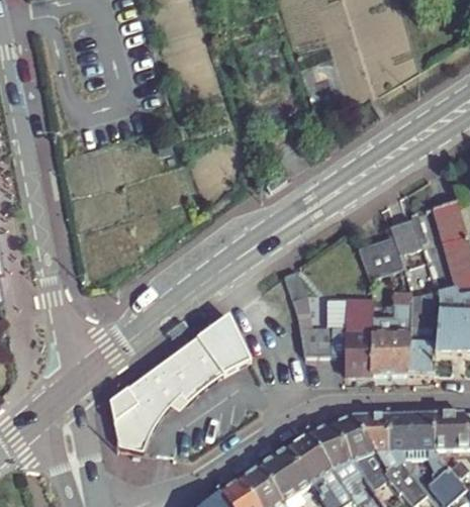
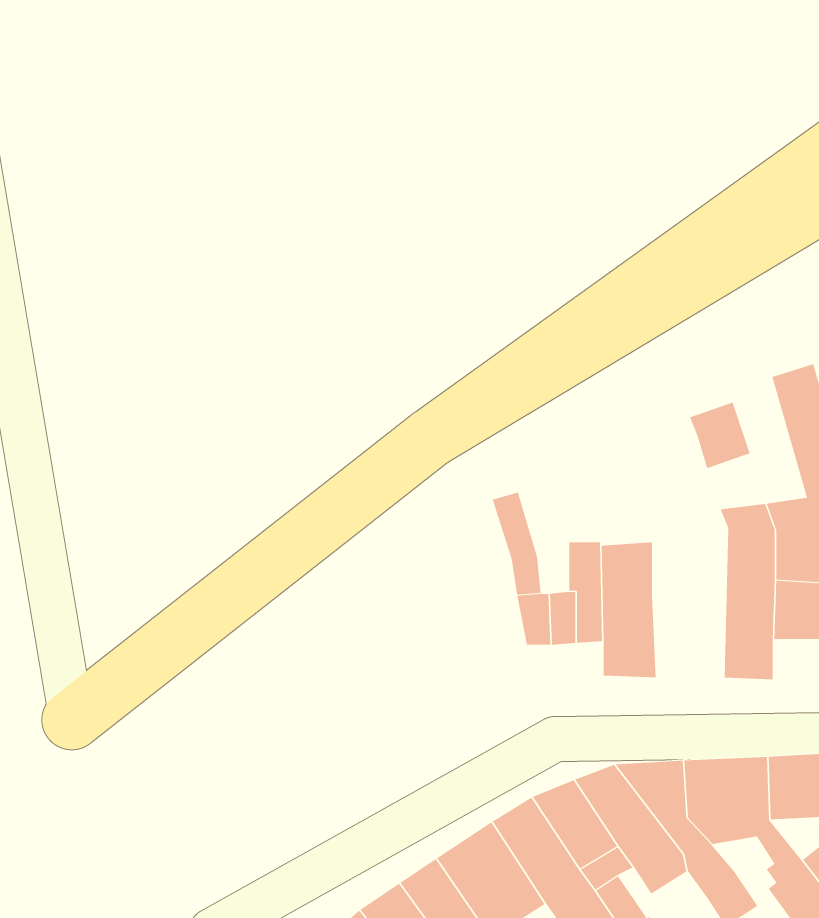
building: [359,243,403,284] -> none
building: [371,292,410,371] -> none
building: [111,318,252,454] -> none

